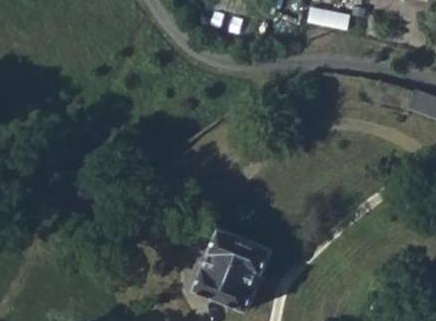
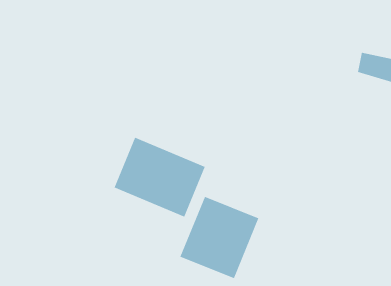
building: none -> [114,137,205,217]

